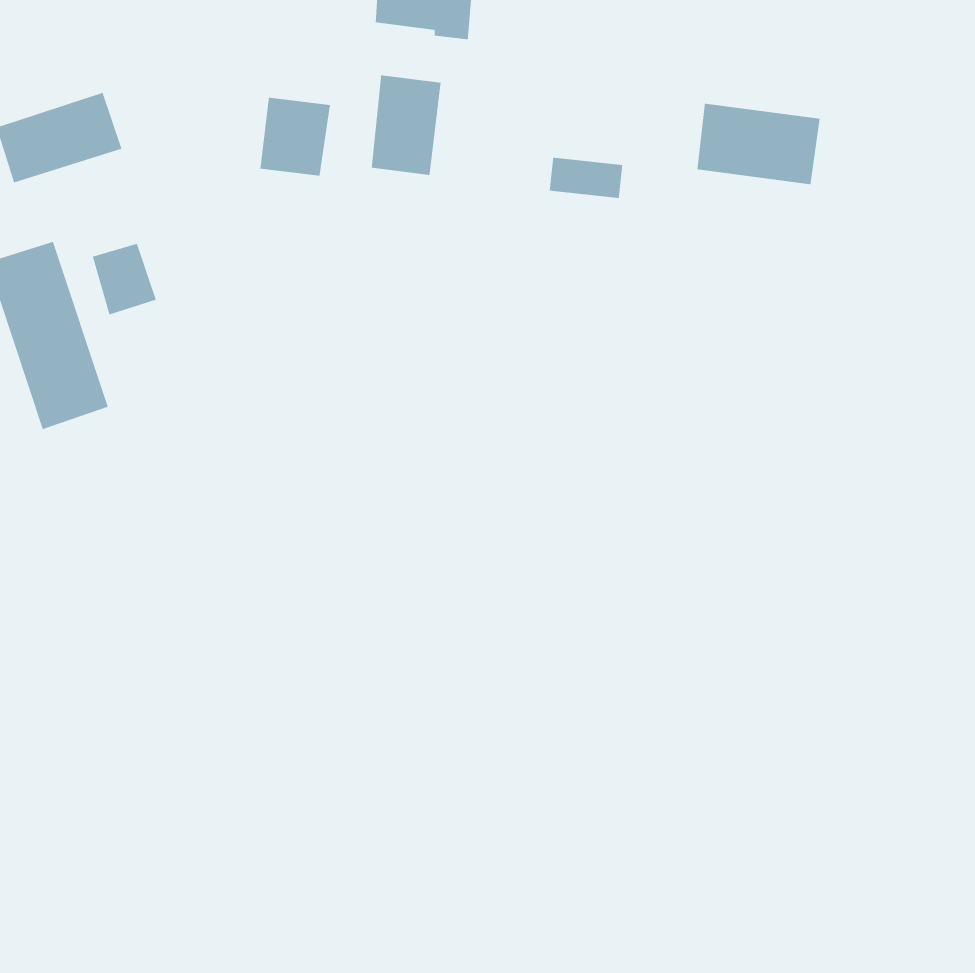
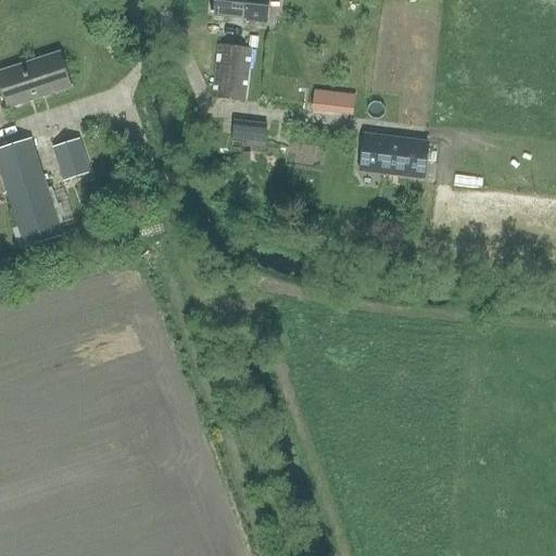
building: [259,97,331,176] -> none
building: [696,103,821,185] -> [358,131,429,178]
building: none -> [230,118,266,141]

